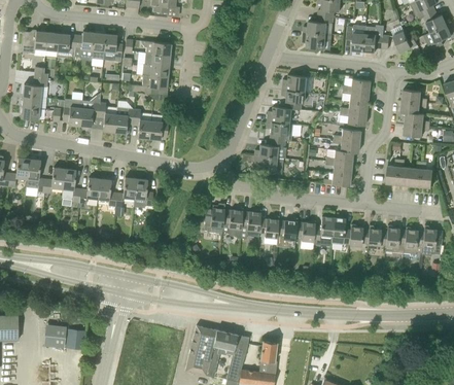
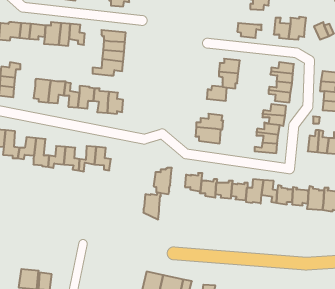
building: [304,16,334,35] -> none
building: [266,122,302,142] -> none
building: [222,208,243,240] -> [143,192,161,219]

